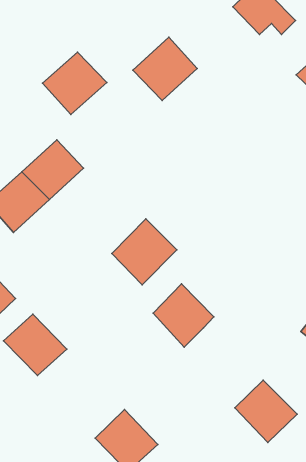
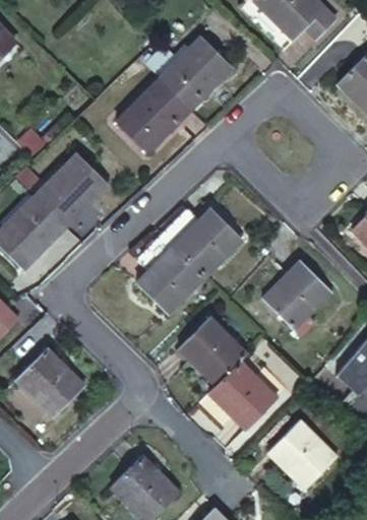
building: [42,52,107,114] -> [117,79,188,148]
building: none -> [170,208,239,278]
building: none -> [266,268,337,338]
building: none -> [202,365,271,435]

